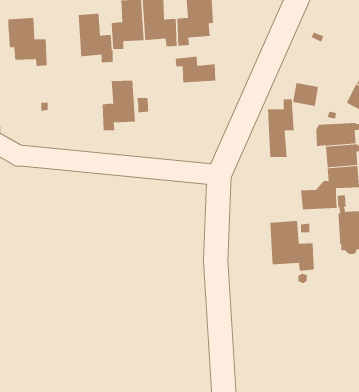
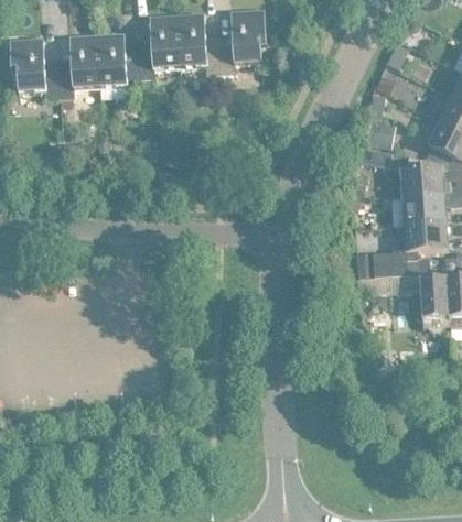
building: [175,56,216,83] -> none
building: [102,80,136,131] -> [60,34,101,97]
building: [267,99,294,158] -> none
building: [270,220,315,272] -> none

